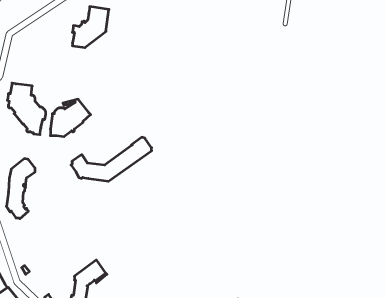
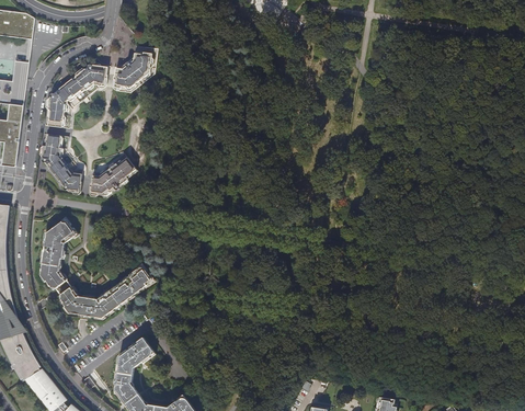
building: none -> [47,64,106,126]
building: [71,137,152,181] -> [58,266,150,317]

